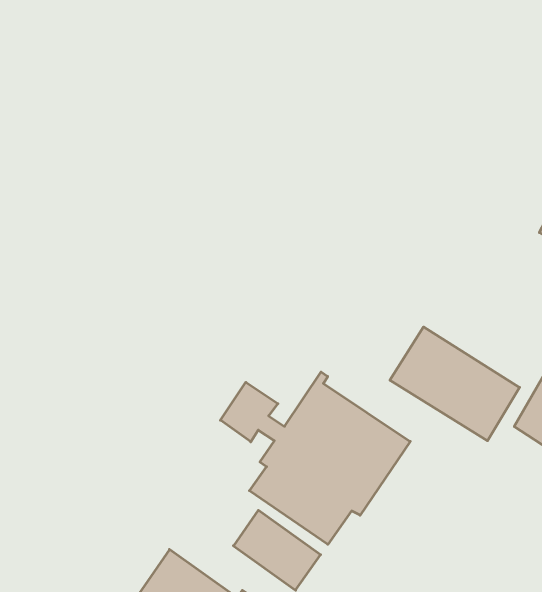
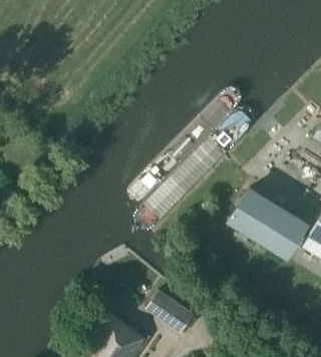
building: [220,372,410,544] -> none

